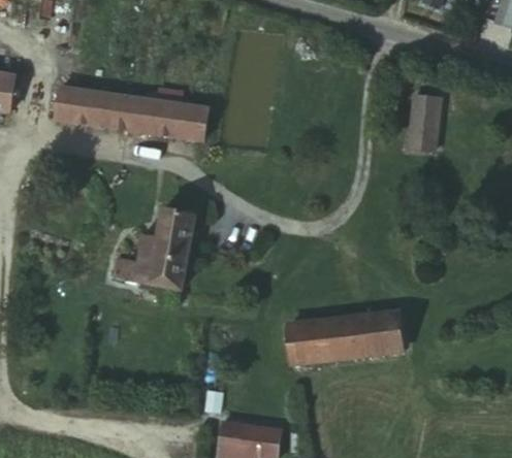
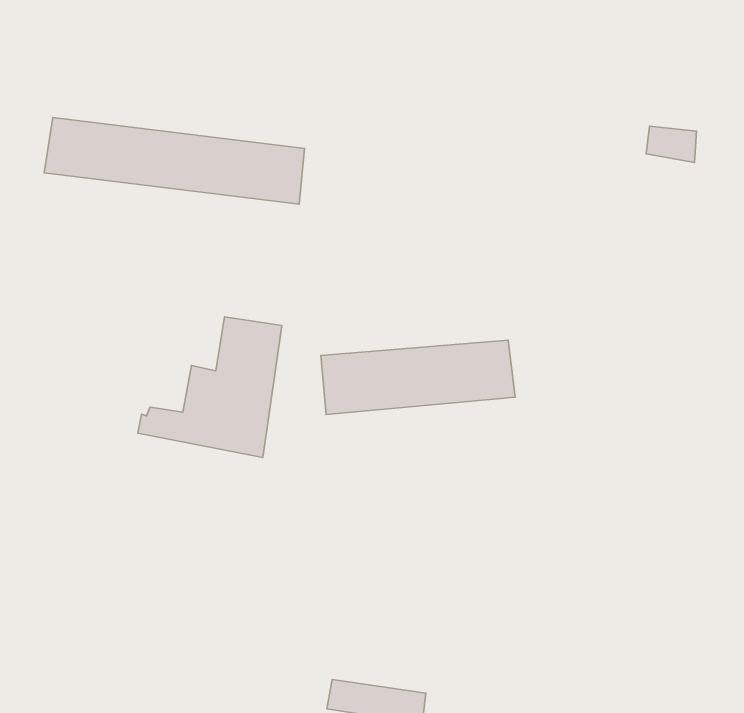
building: [408,109,440,150] -> none
building: [288,314,404,358] -> [321,340,515,415]

